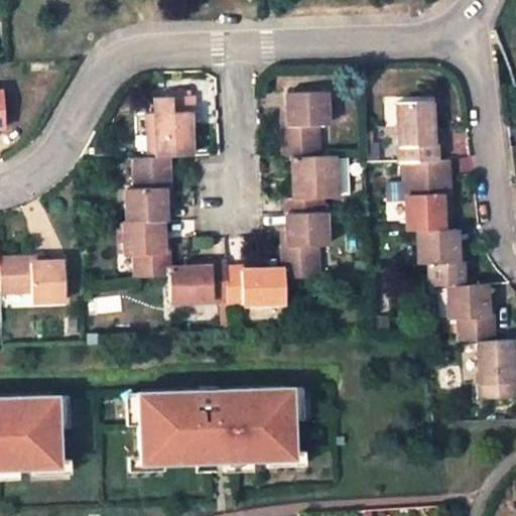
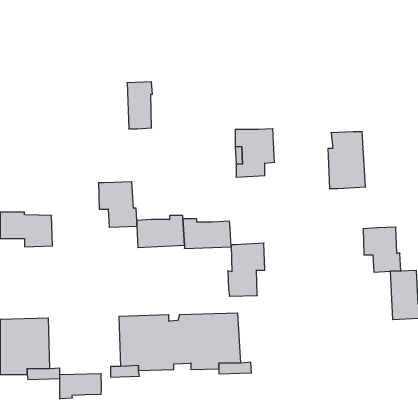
building: [284,94,328,160] -> none
building: [395,105,435,165] -> none
building: [127,159,170,226] -> none
building: [282,217,328,282] -> [228,243,265,296]
building: [416,231,465,283] -> none
building: none -> [60,374,101,399]

